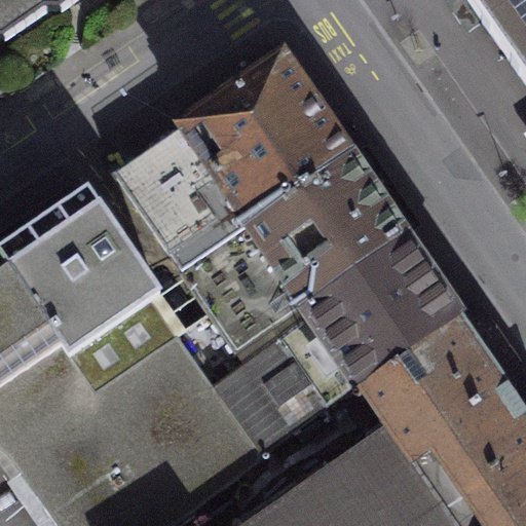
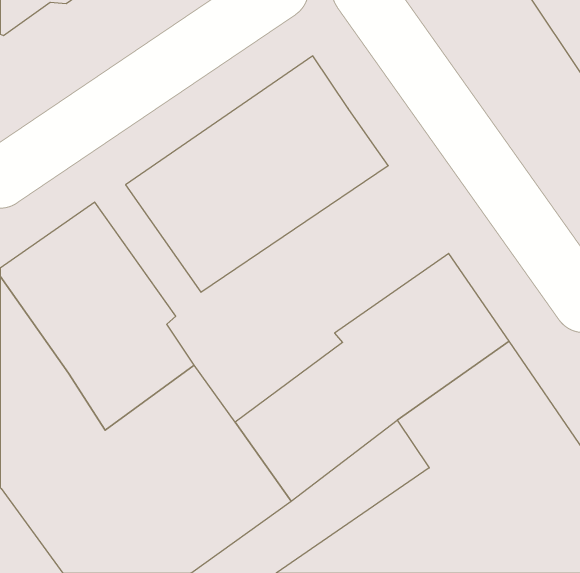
building: [184,149,407,345] -> none

